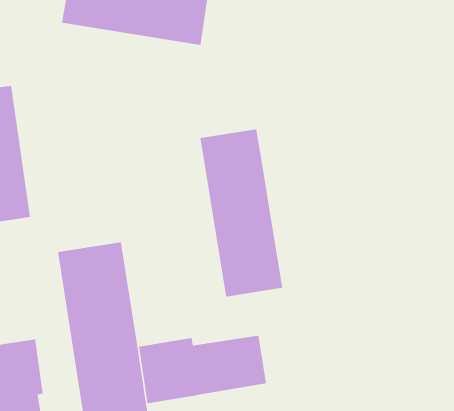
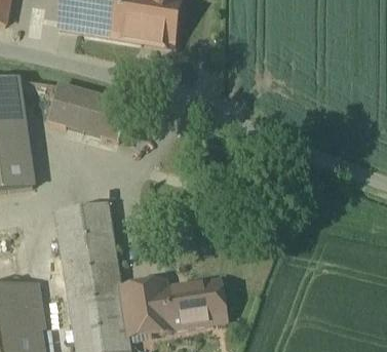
building: none -> [48,83,128,139]
building: [200,128,283,298] -> none

